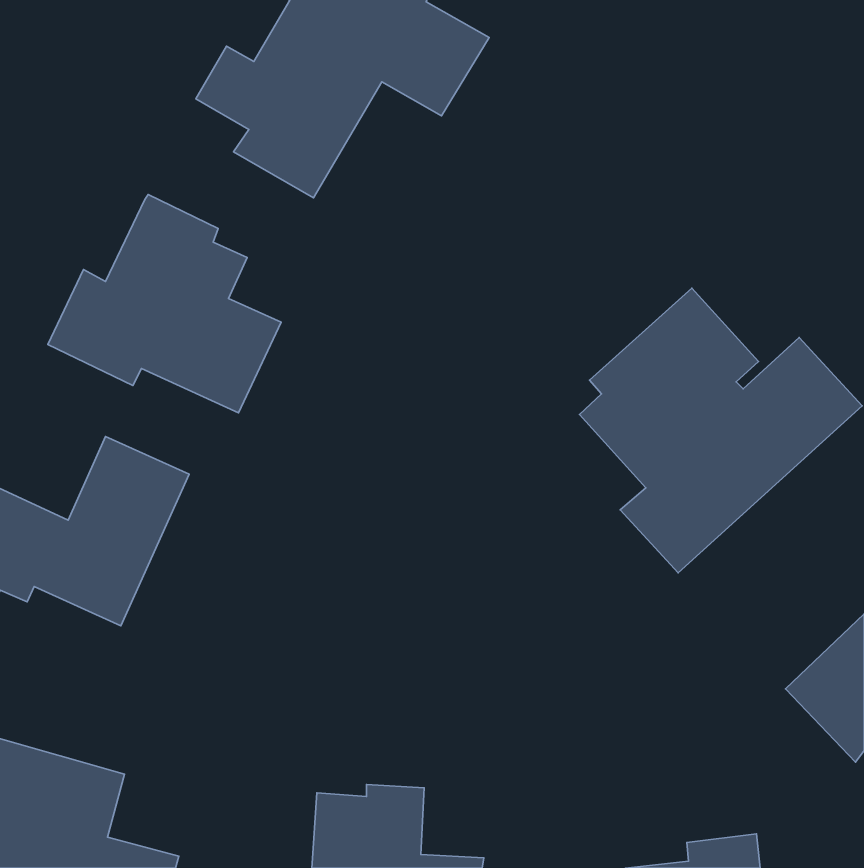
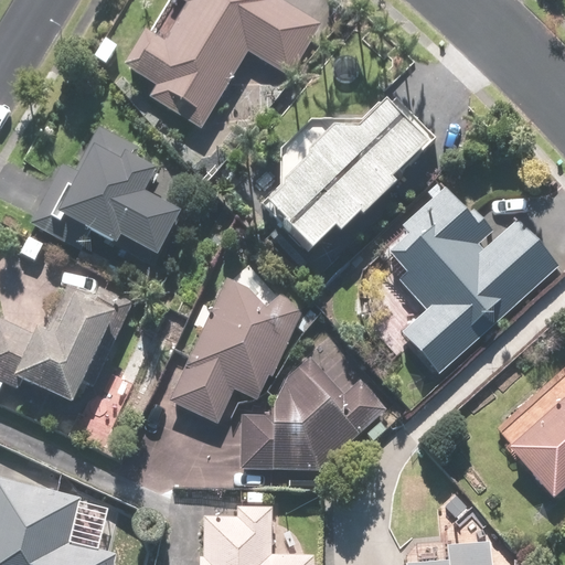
building: none -> [264,95,450,252]
building: none -> [168,275,306,425]
building: none -> [237,358,384,472]

